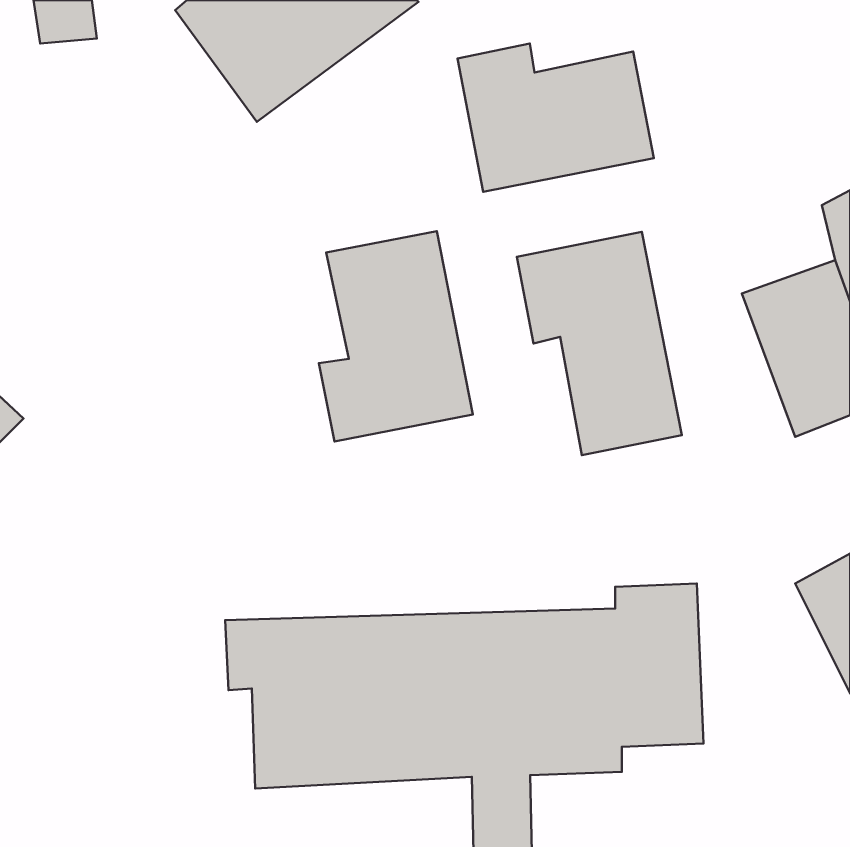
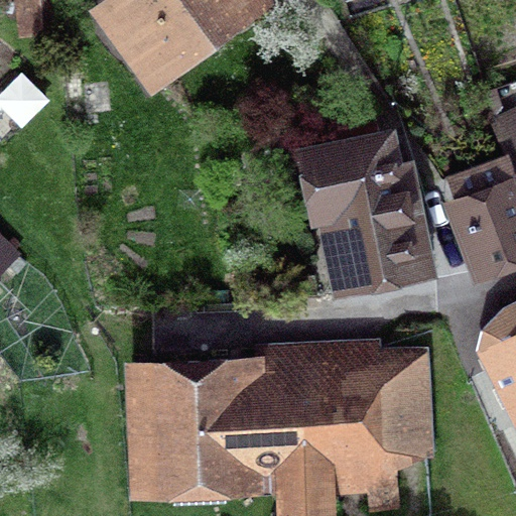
building: [457,44,654,192] -> none
building: [319,231,473,441] -> none

